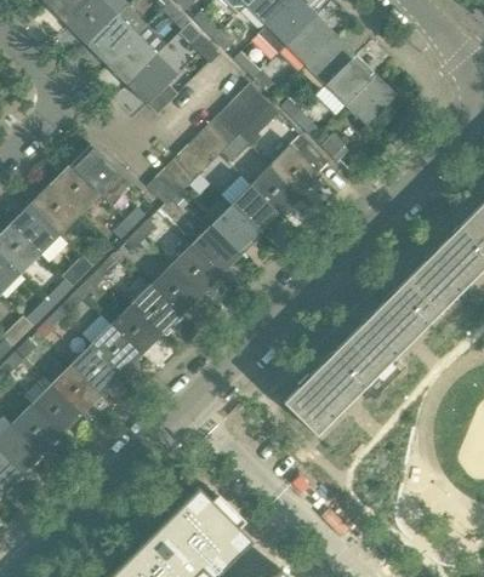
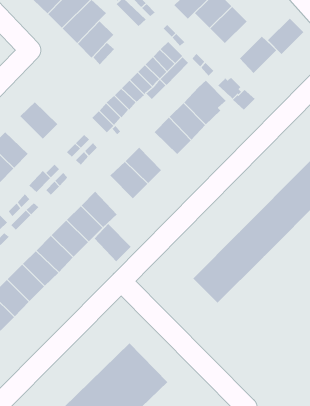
building: [326,56,376,105] -> [267,18,304,55]
building: [70,143,121,194] -> none
building: [30,183,81,234] -> none
building: [211,205,262,256] -> none
building: [152,263,203,315] -> [94,223,132,262]

